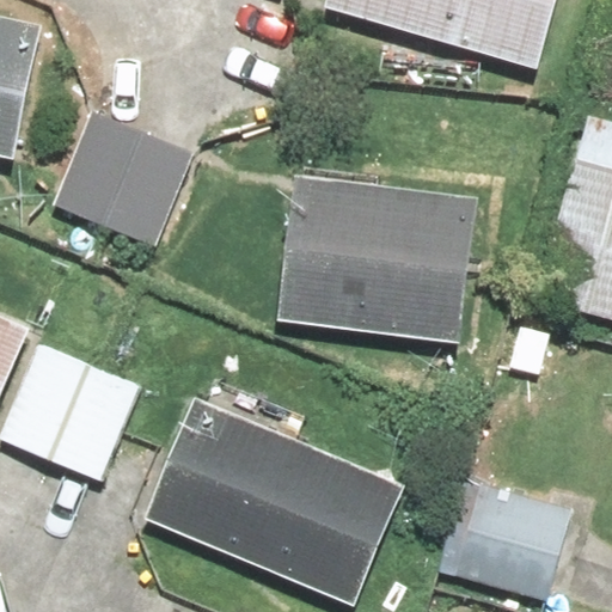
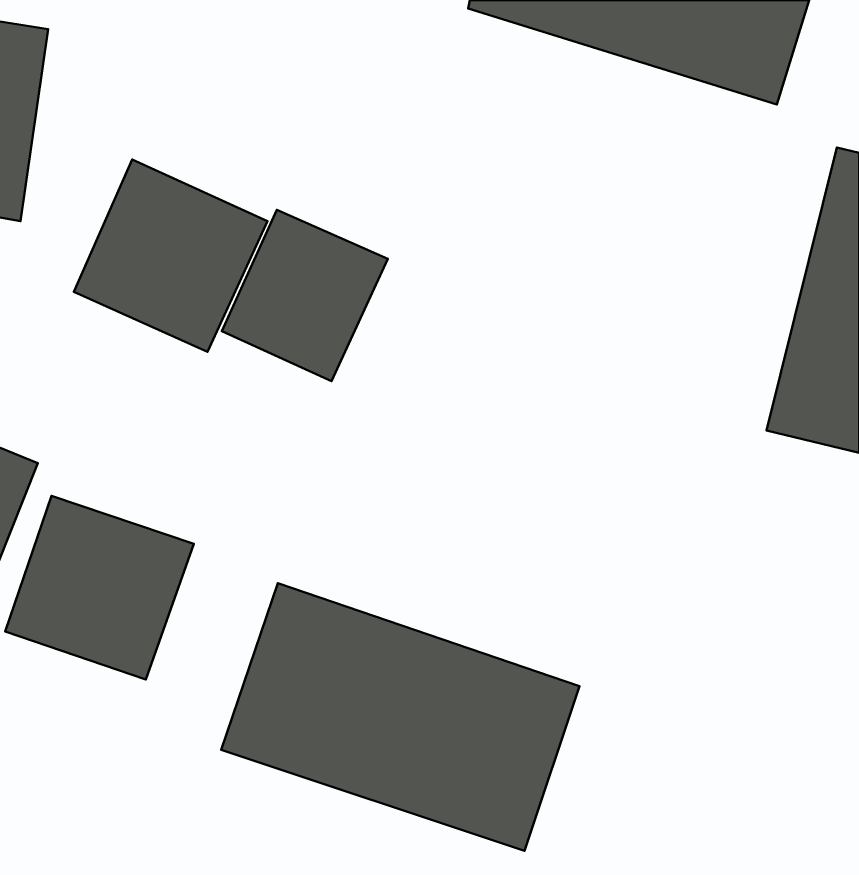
building: none -> [222,210,388,381]
building: [281,175,476,335] -> none
building: [435,476,574,604] -> none

